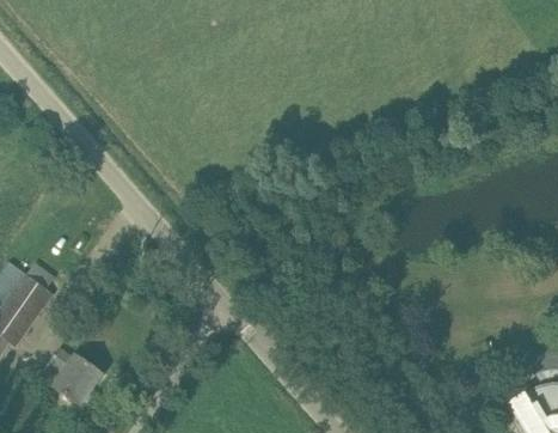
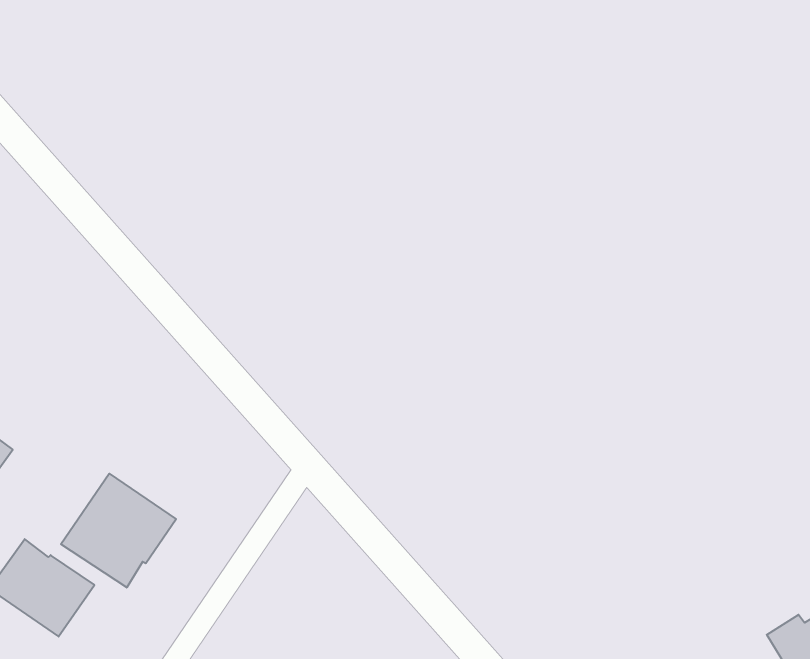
building: none -> [61,474,176,588]

